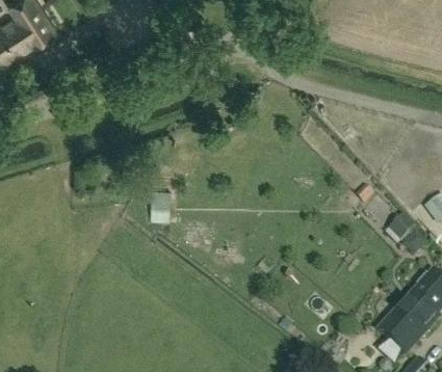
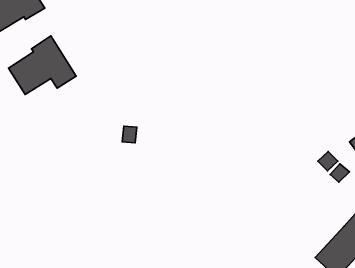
building: none -> [8,36,76,94]

